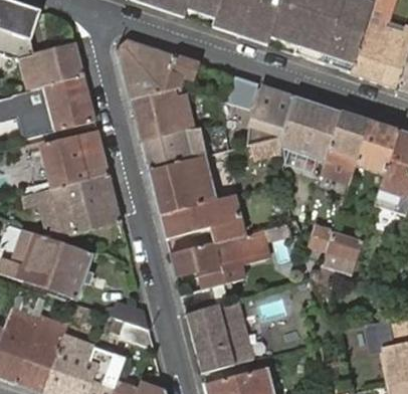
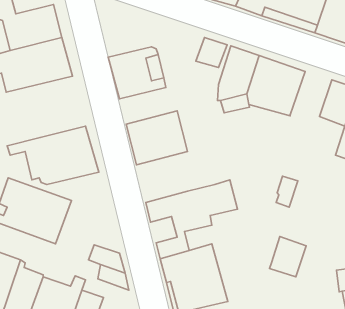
building: [118,42,195,98] -> none
building: [325,114,369,168] -> none
building: [143,130,204,170] -> none
building: [48,131,107,184] -> none
building: [161,194,244,241] -> none
building: [322,230,361,273] -> [269,236,306,277]

